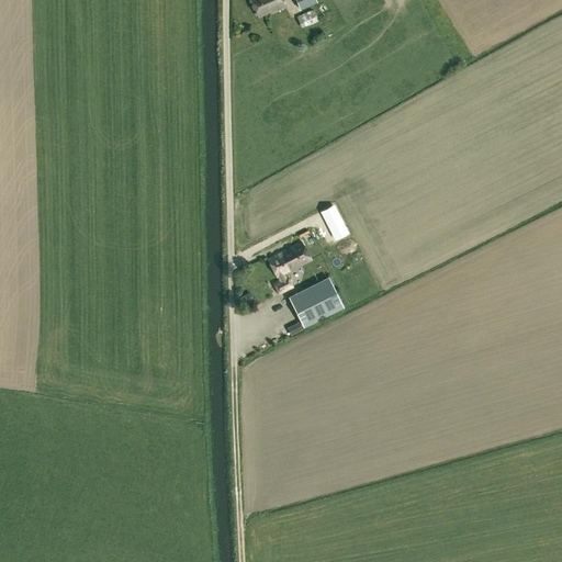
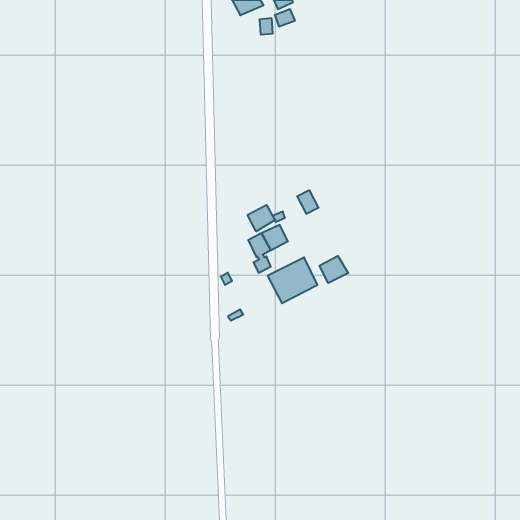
building: none -> [248,205,275,231]
building: none -> [320,256,348,283]

